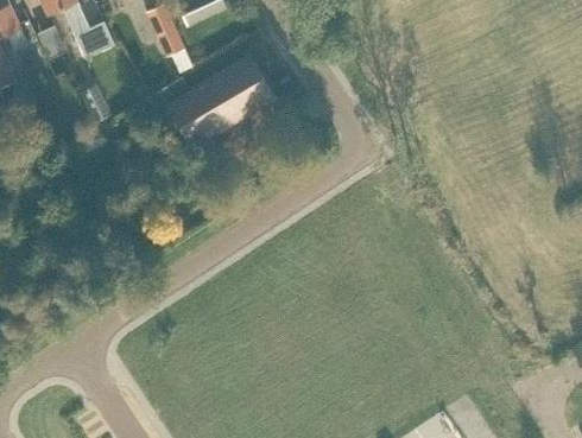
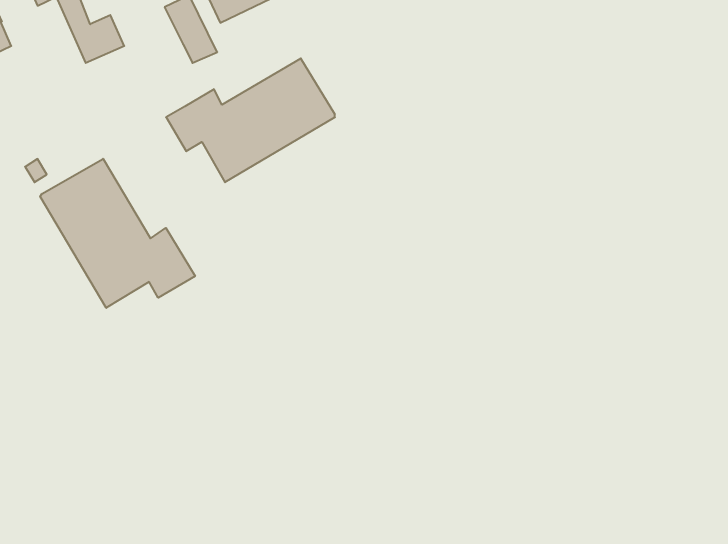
building: none -> [40,159,195,308]

